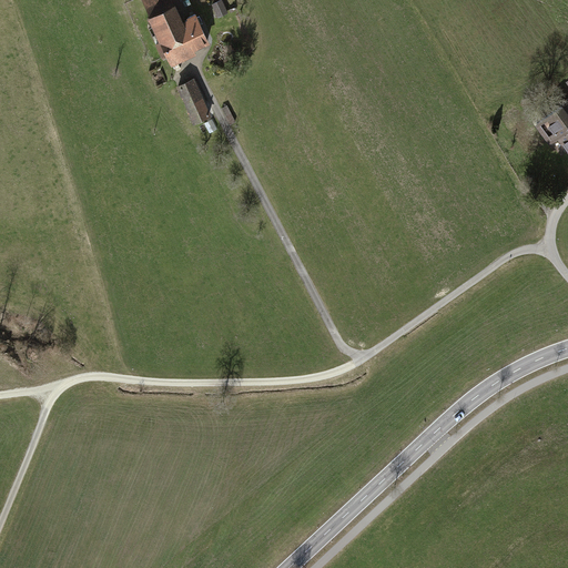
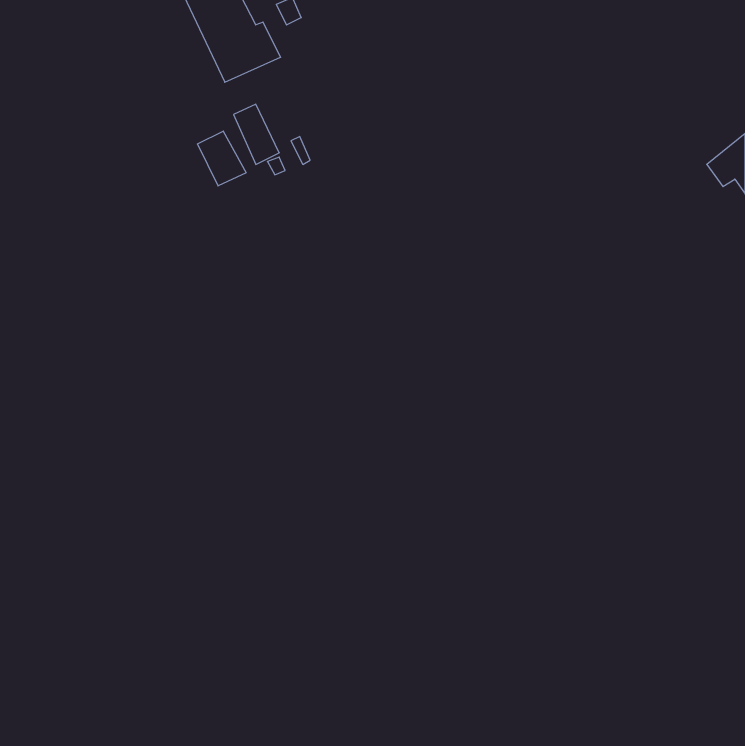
building: none -> [198,131,246,186]

